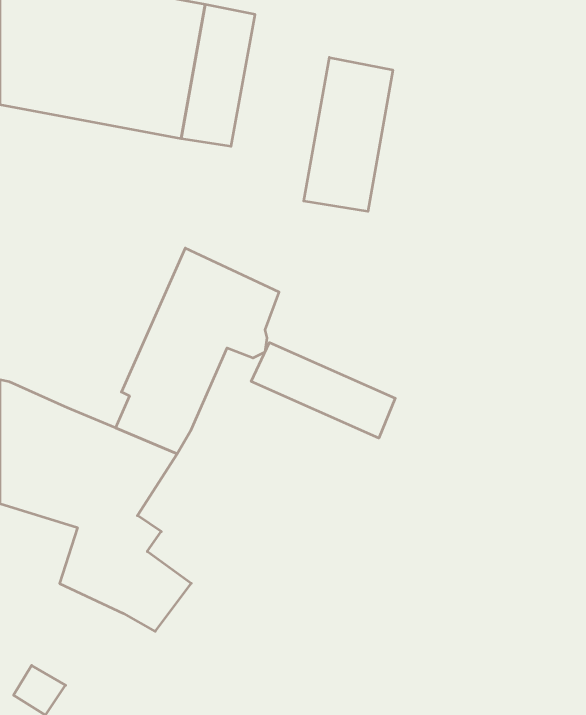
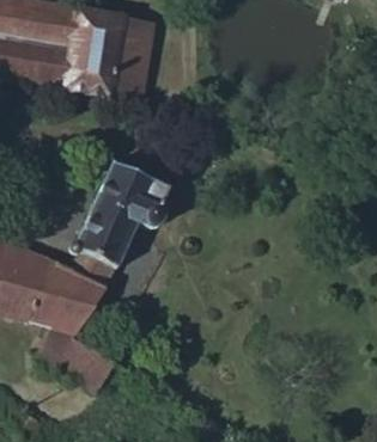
building: [304,57,393,211] -> none
building: [251,343,395,438] -> none

